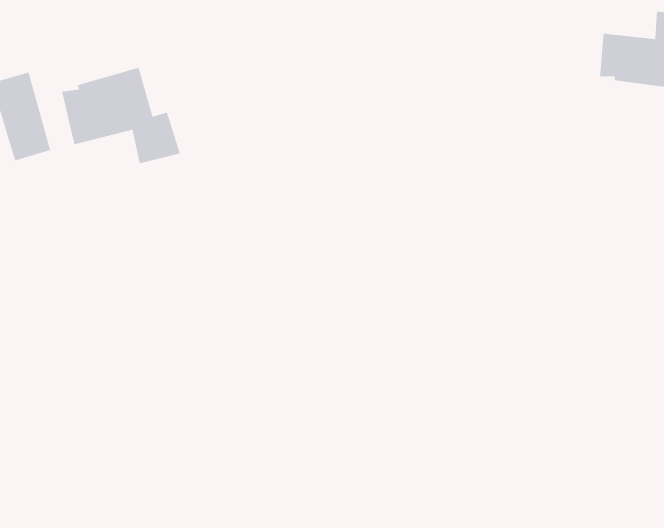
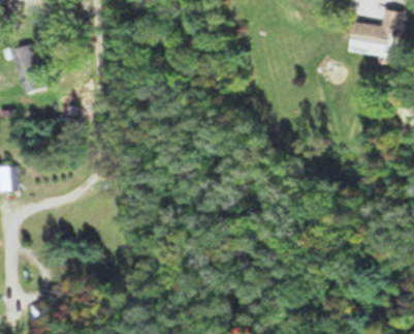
building: [61,67,181,164] -> none

